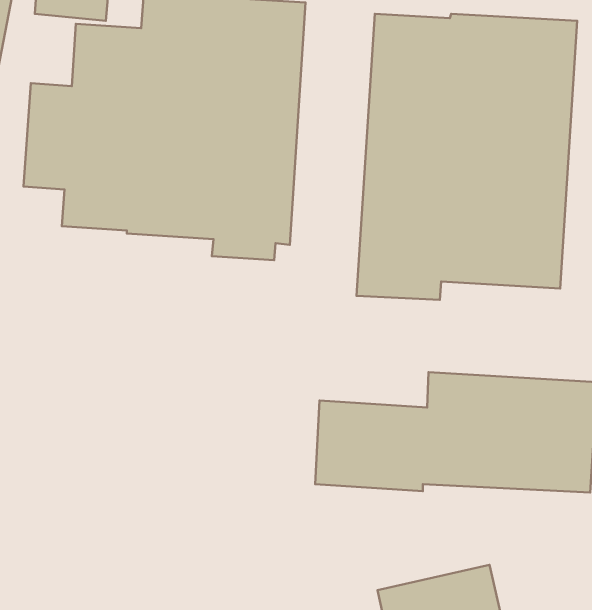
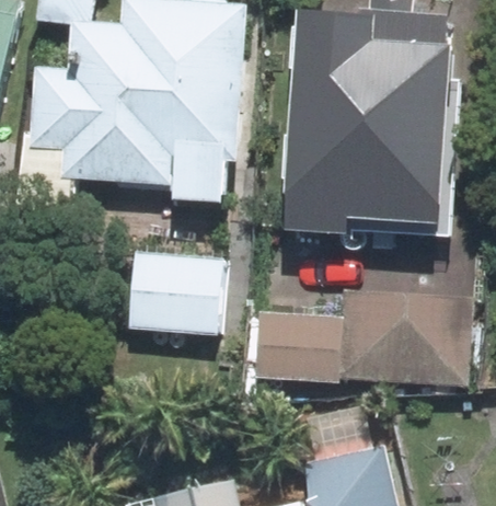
building: none -> [123,251,220,336]

